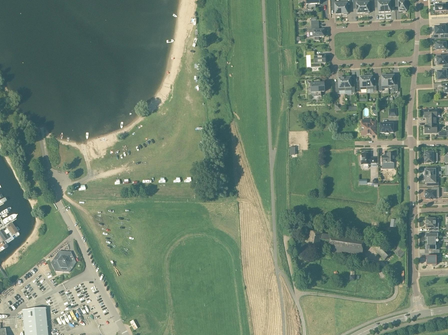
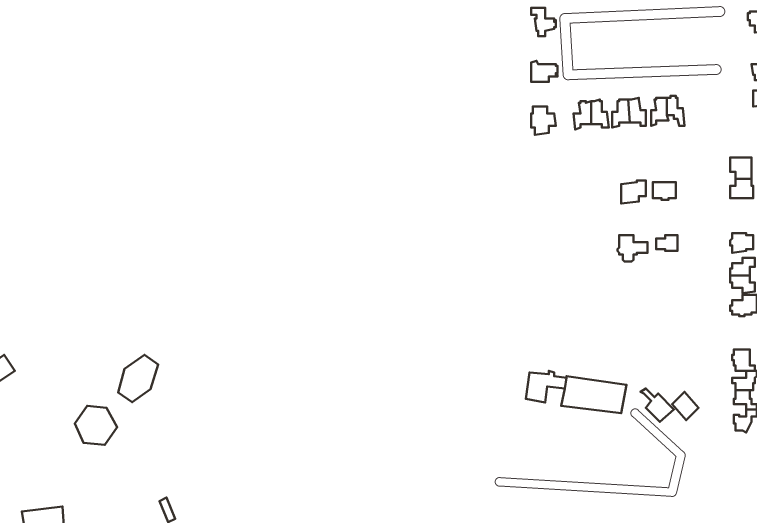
building: none -> [118,355,158,402]

